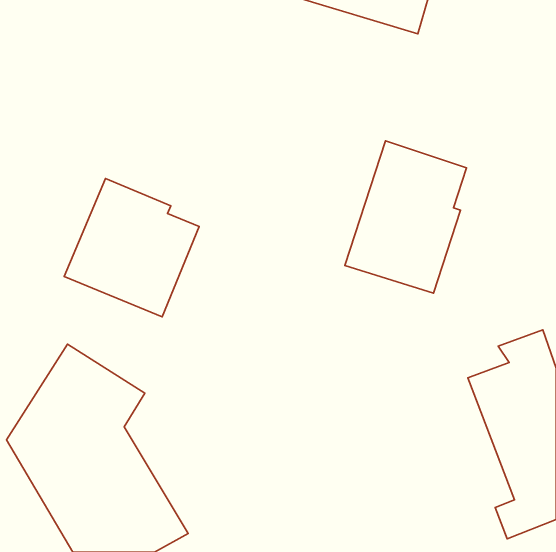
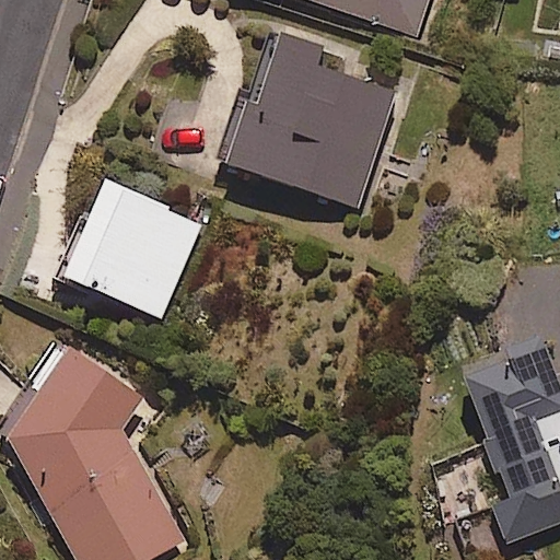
building: none -> [219,34,392,207]
building: [345,141,467,293] -> none

